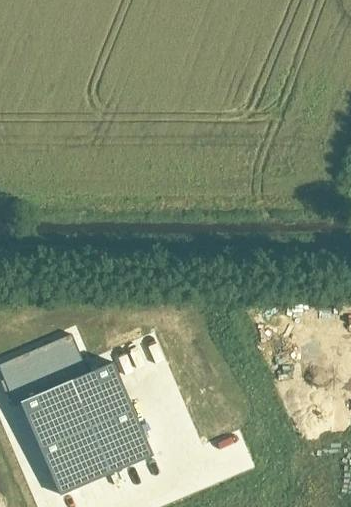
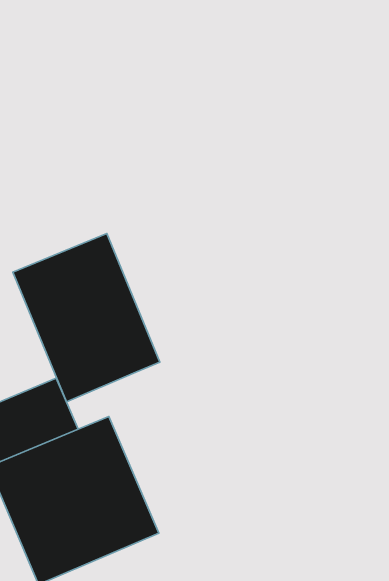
building: none -> [13,233,160,402]

